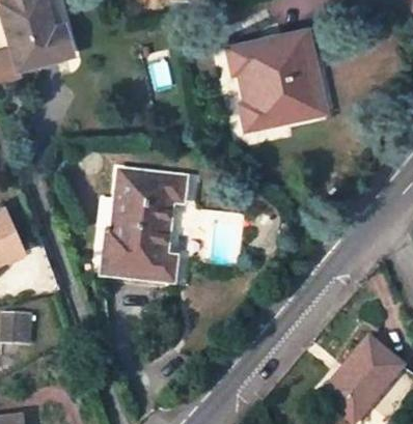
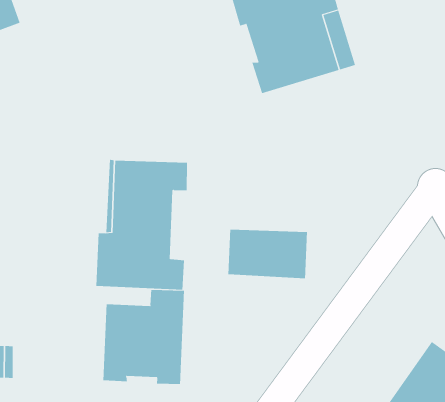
building: none -> [228,229,308,279]
building: none -> [103,289,185,385]

